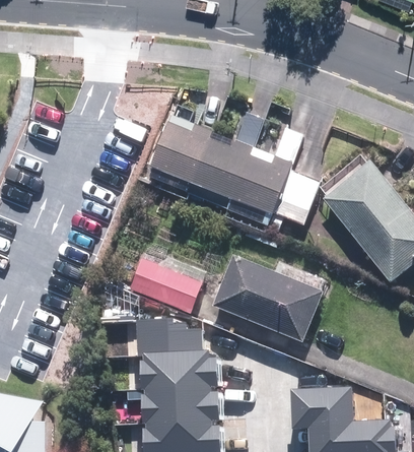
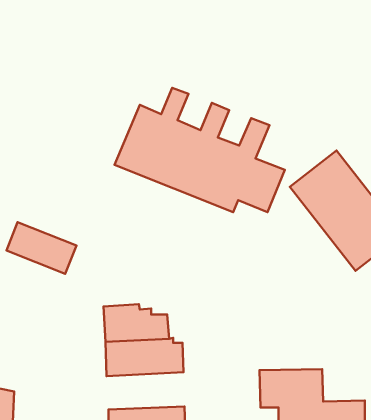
building: [212,257,321,342] -> none
building: [130,261,200,313] -> [7,222,76,274]
building: [140,386,218,424] -> none

